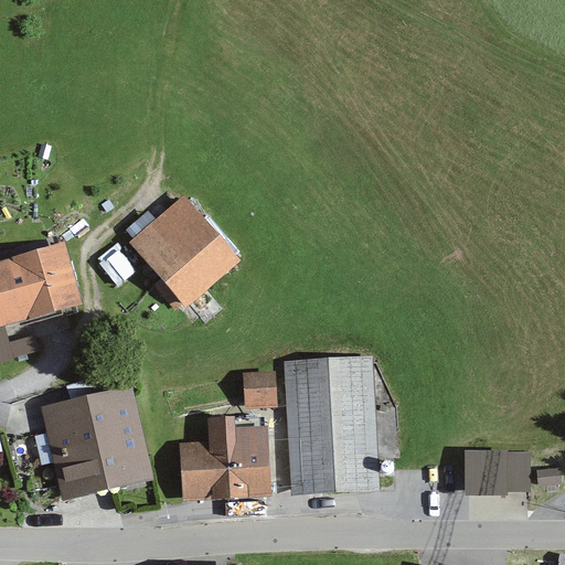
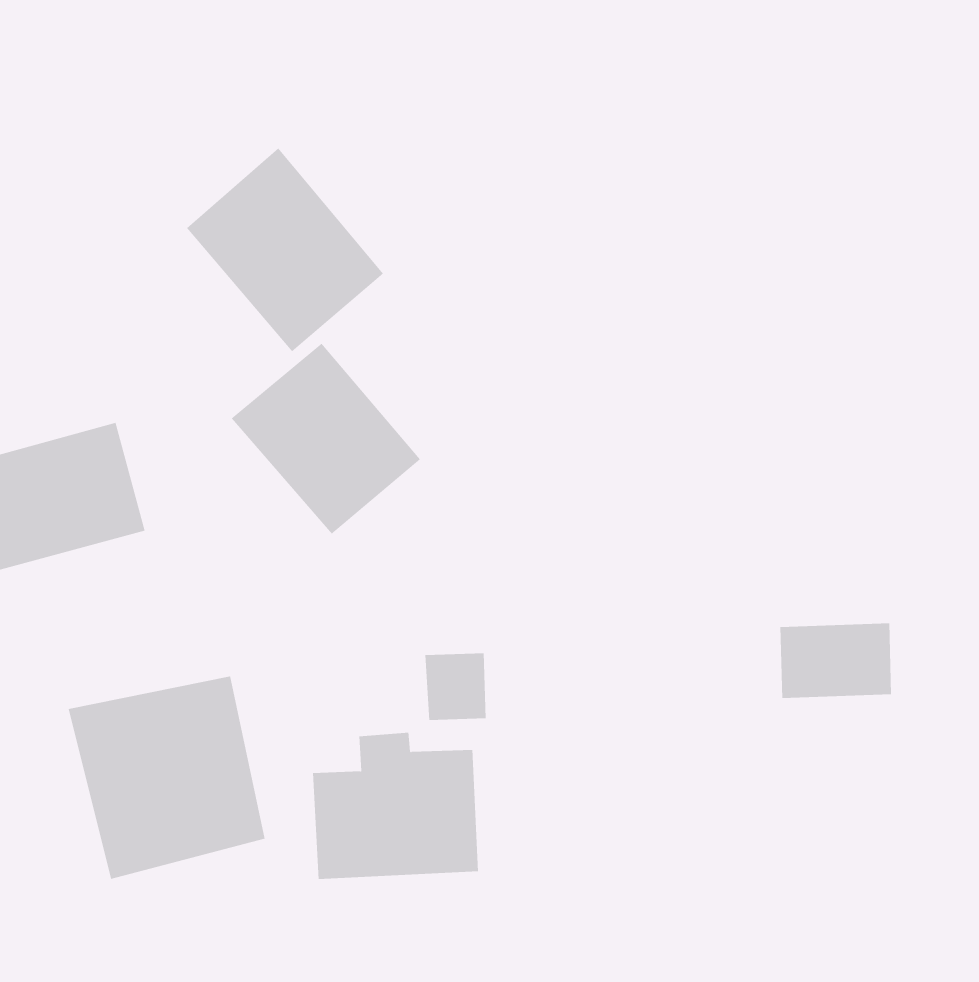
building: none -> [186,148,384,352]
building: [281,355,379,493] -> none
building: [465,450,529,493] -> [780,623,892,698]

